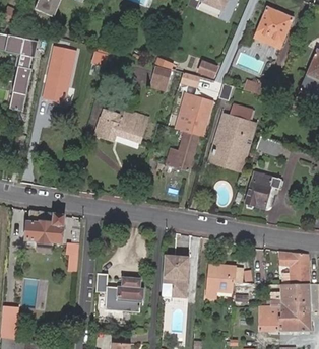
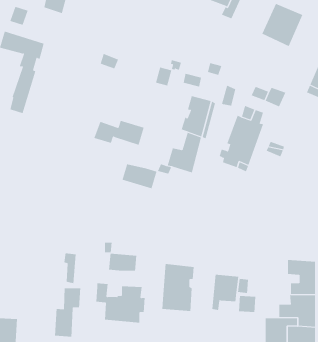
building: [49,47,82,102] -> none
building: none -> [122,163,157,189]
building: [246,175,283,209] -> none
building: [26,207,64,242] -> none
building: none -> [109,253,137,271]
building: none -> [55,288,81,337]

